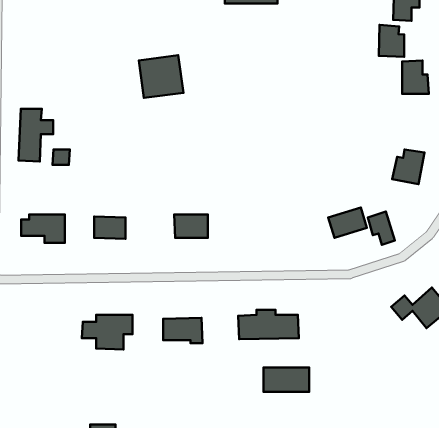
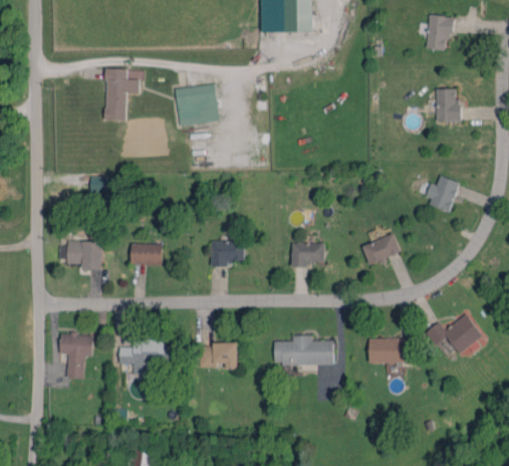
building: [379,25,404,57] -> none
building: [19,109,53,162] -> [104,68,139,121]
building: [368,212,395,245] -> none
building: none -> [290,242,324,265]
building: none -> [59,333,93,379]
building: [264,368,309,392] -> [367,338,413,363]

